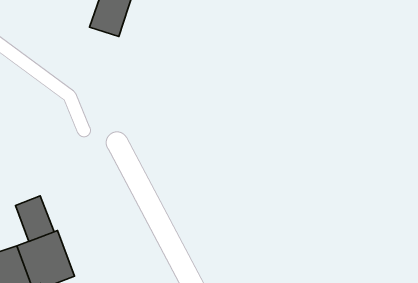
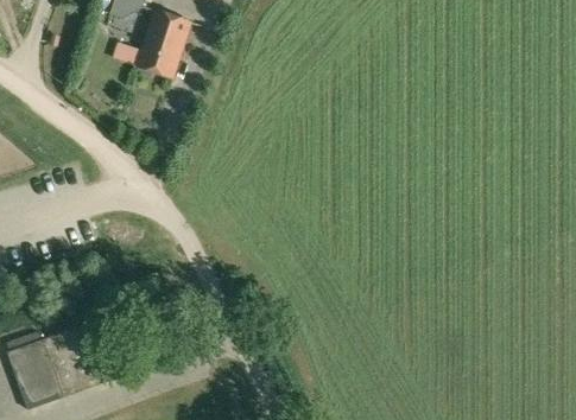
building: [16,196,54,241] -> none

